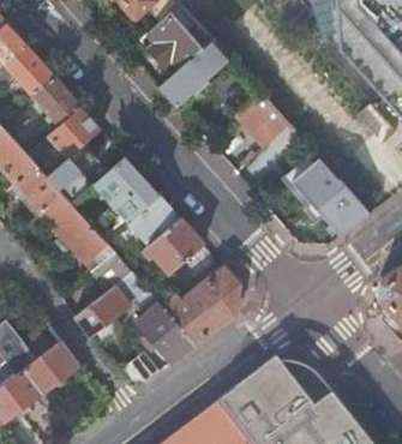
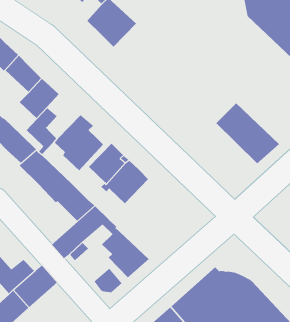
building: [160,40,230,107] -> none
building: [235,92,289,148] -> none
building: [162,268,239,344] -> none

